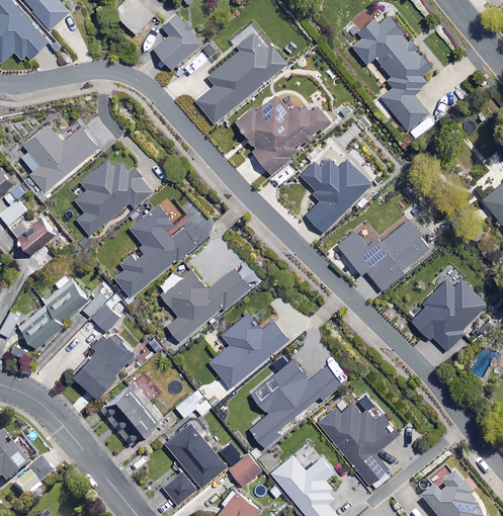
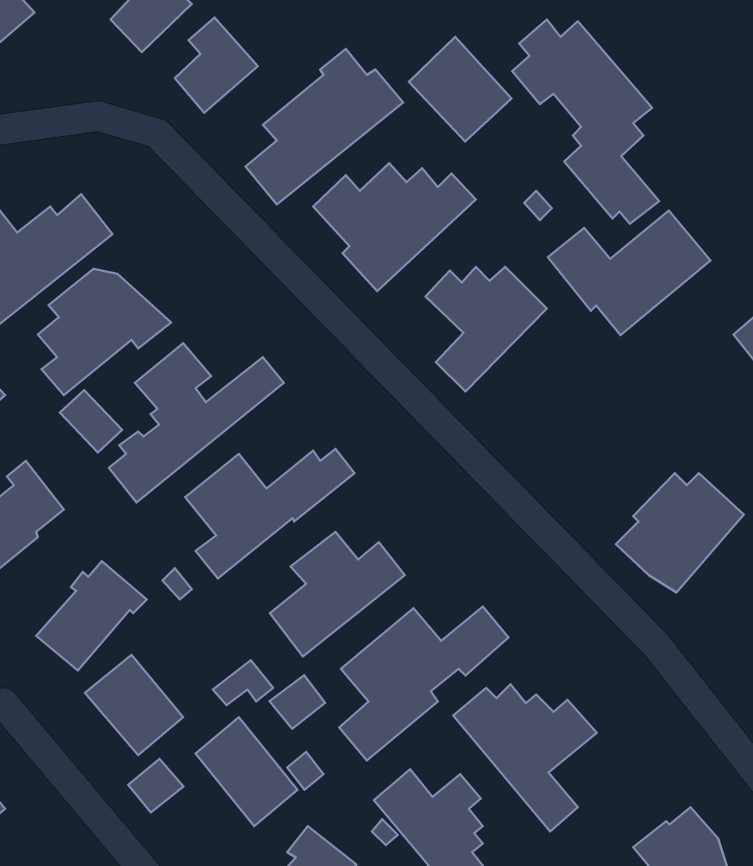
building: none -> [409,37,511,142]
building: [335,217,430,289] -> [548,210,710,335]
building: [83,295,119,332] -> [60,390,122,452]
building: [229,453,261,485] -> [270,675,325,729]
building: [163,472,195,504] -> [128,759,184,813]

